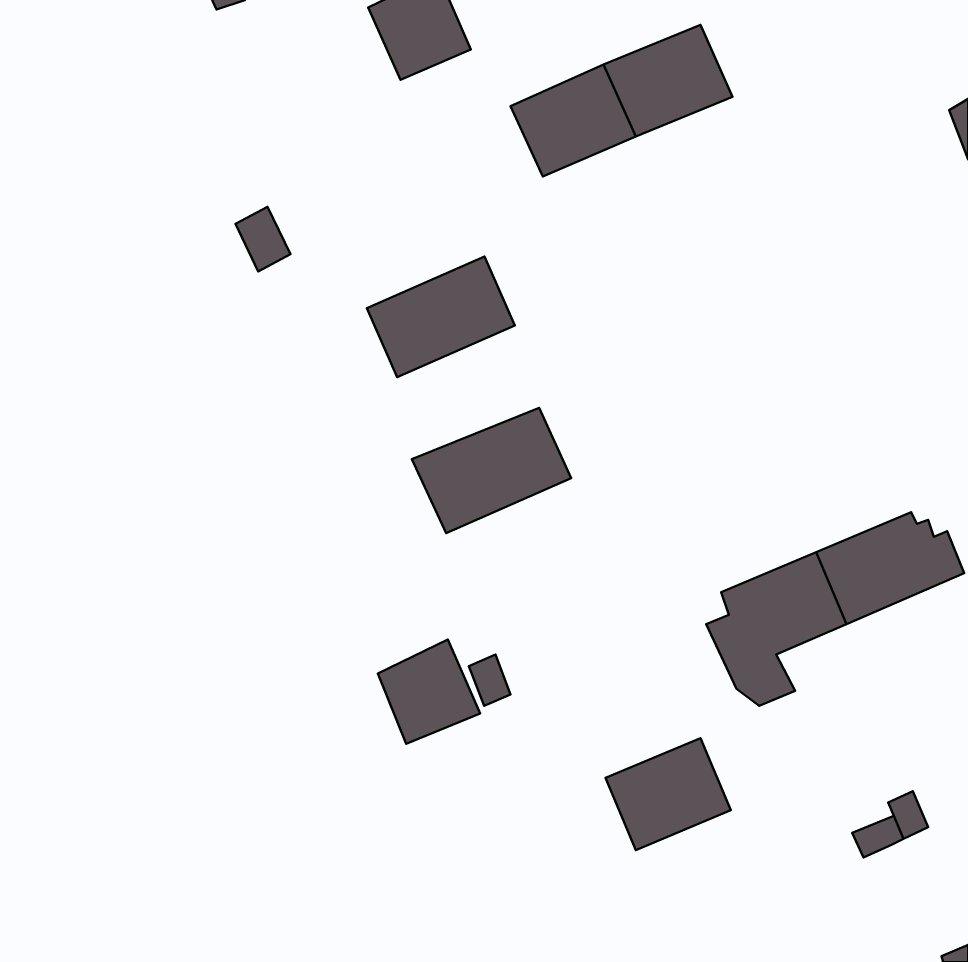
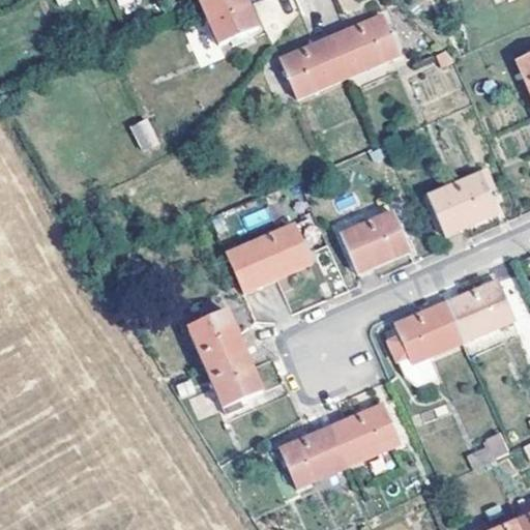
building: [367,256,515,377] -> none
building: none -> [428,174,496,235]
building: none -> [342,210,410,272]
building: none -> [189,311,244,367]
building: none -> [277,424,347,485]

